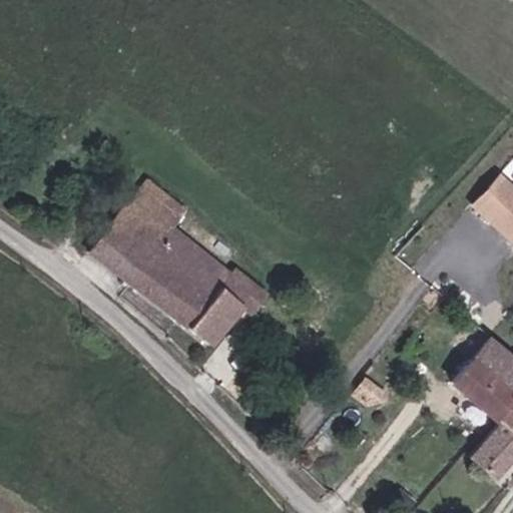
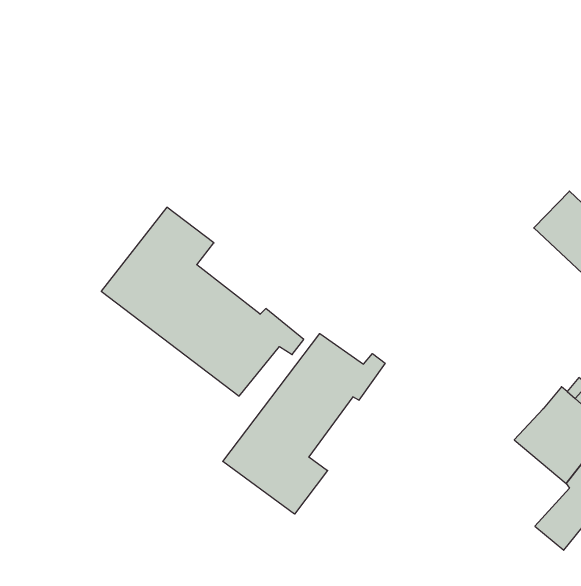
building: none -> [223,334,385,514]

